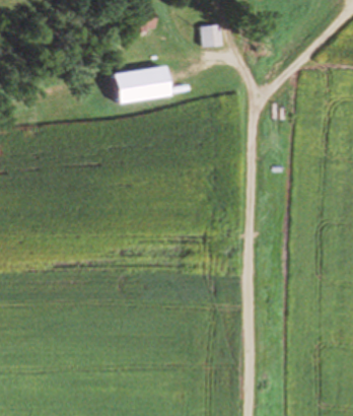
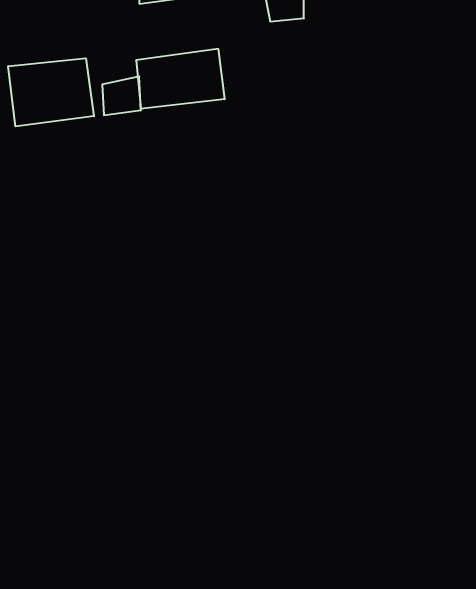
building: none -> [8,58,94,126]

